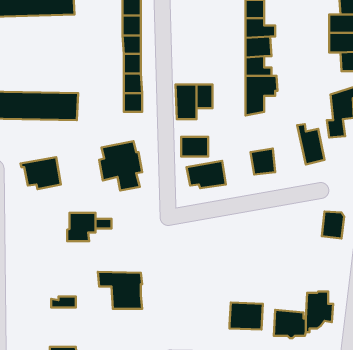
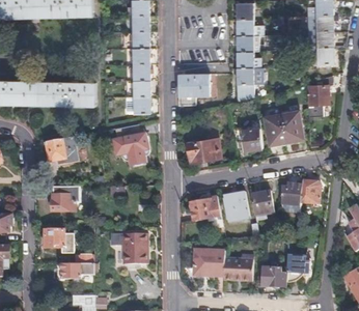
building: none -> [266,109,287,145]
building: [181,137,208,157] -> [127,97,149,114]
building: none -> [281,176,303,211]
building: [67,213,95,241] -> [51,187,75,210]
building: none -> [251,192,273,220]
building: none -> [223,193,249,221]
building: none -> [190,197,222,229]
building: none -> [43,227,71,253]
building: none -> [194,250,224,277]
building: none -> [61,263,93,279]

